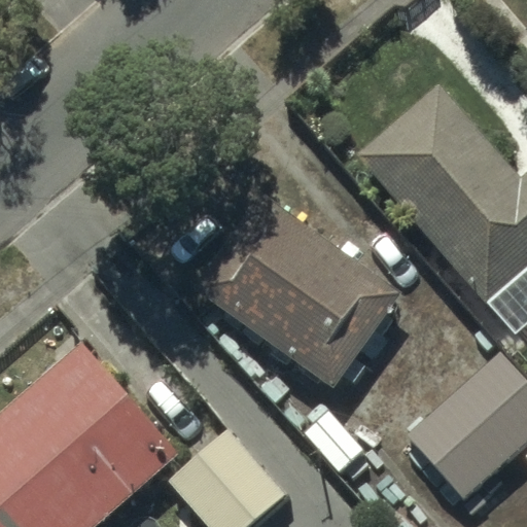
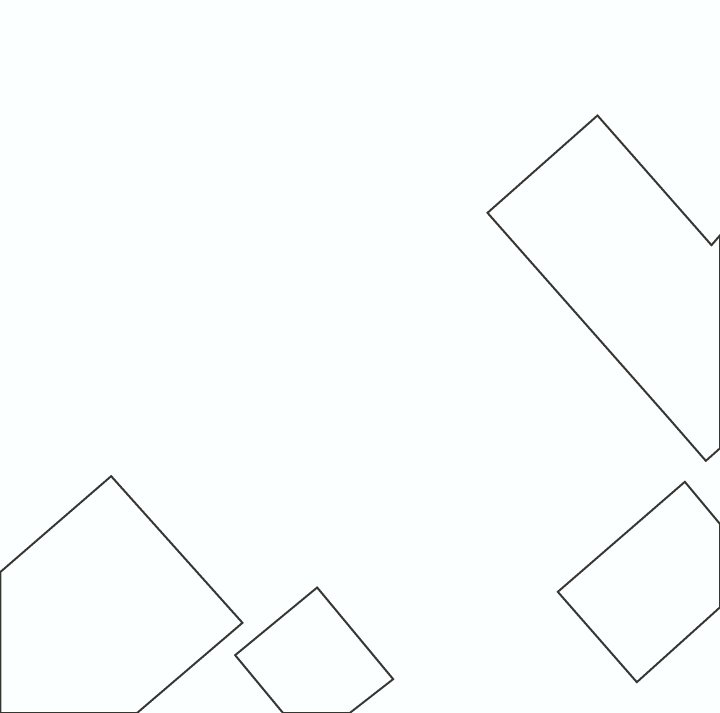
building: [198,198,402,389] -> none

